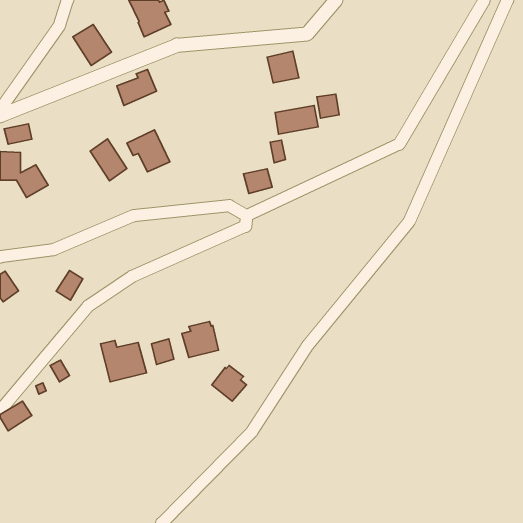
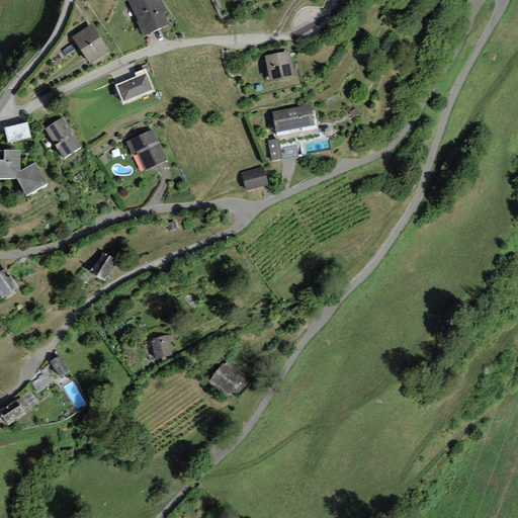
building: [317,94,339,118] -> none
building: [90,139,127,181] -> [45,117,81,159]
building: [56,271,83,300] -> [90,252,116,281]
building: [182,322,218,358] -> none
building: [101,341,146,382] -> none

